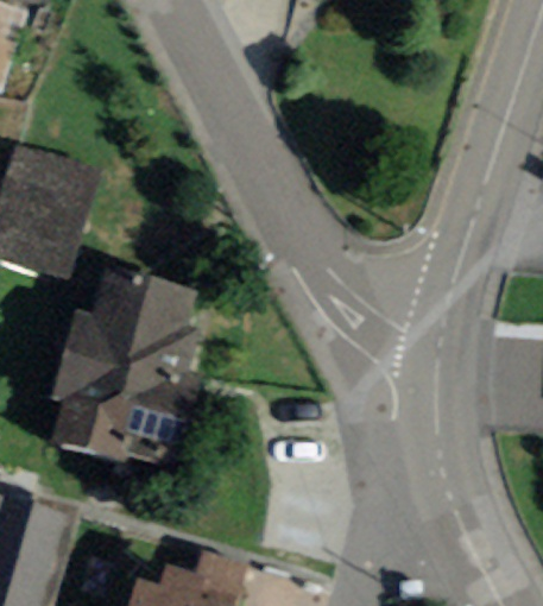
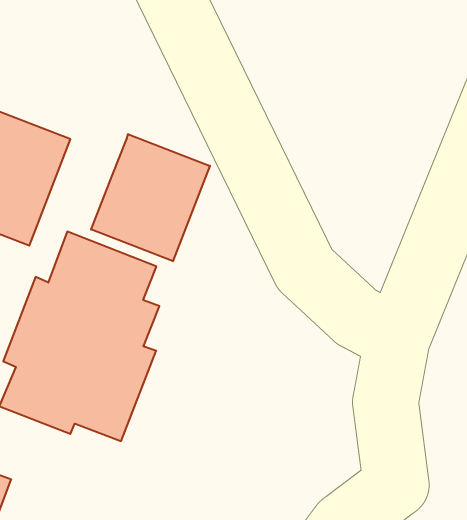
building: none -> [91,134,210,261]

